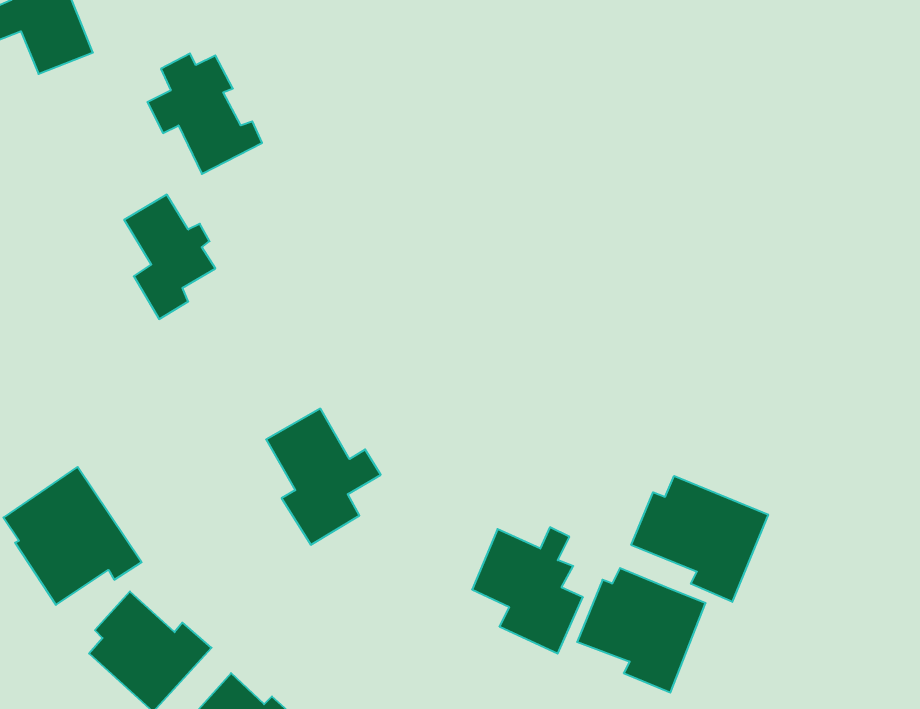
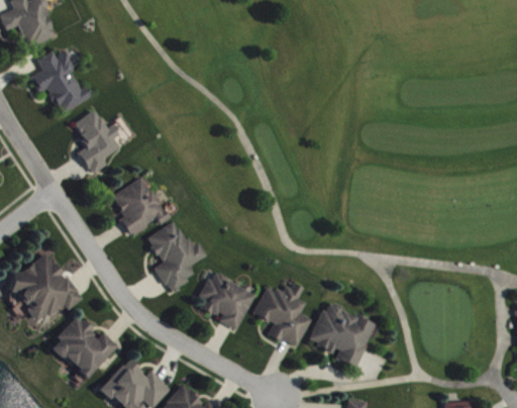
building: [147,53,262,174] -> [29,52,89,114]
building: none -> [111,177,167,236]
building: [631,476,768,602] -> none
building: none -> [197,275,254,330]

